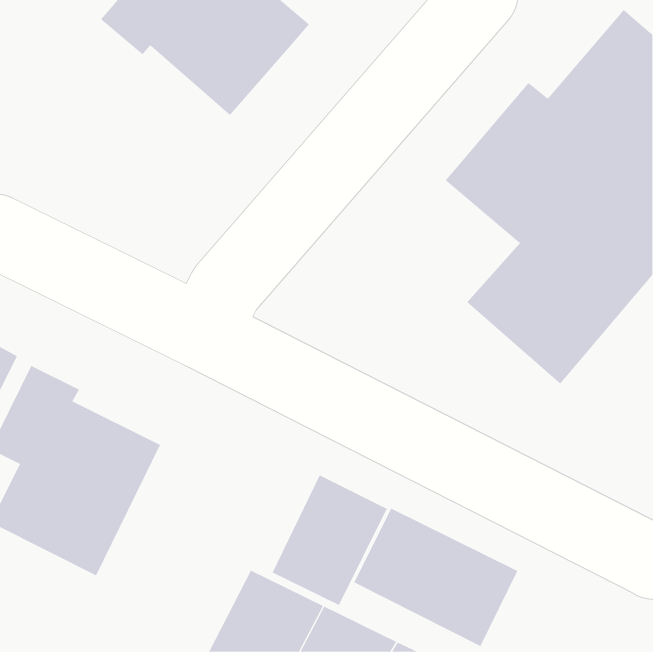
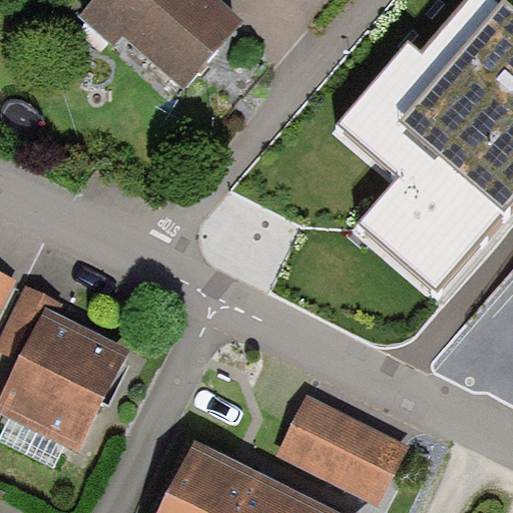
building: [272,475,387,606] -> none

